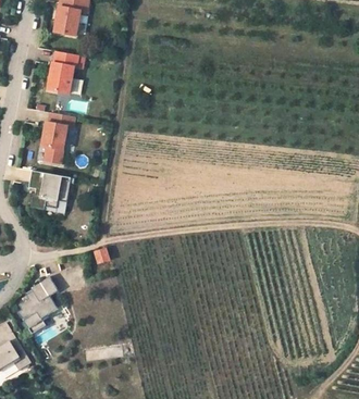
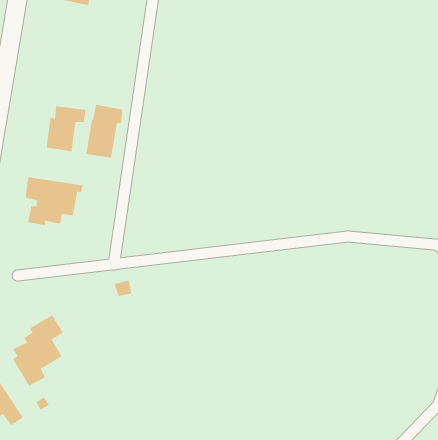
building: [49,53,78,96] -> [86,104,123,158]

